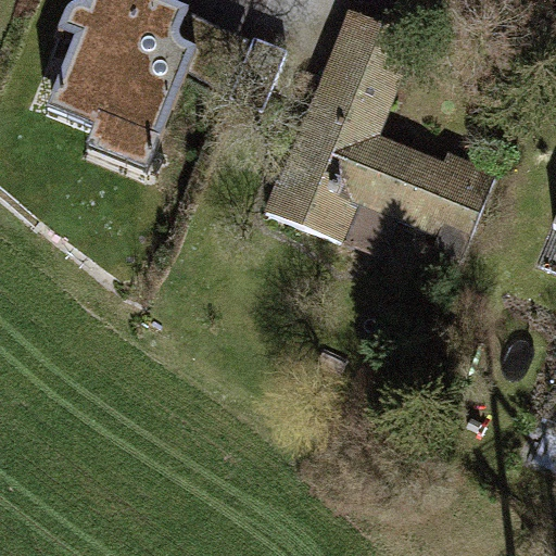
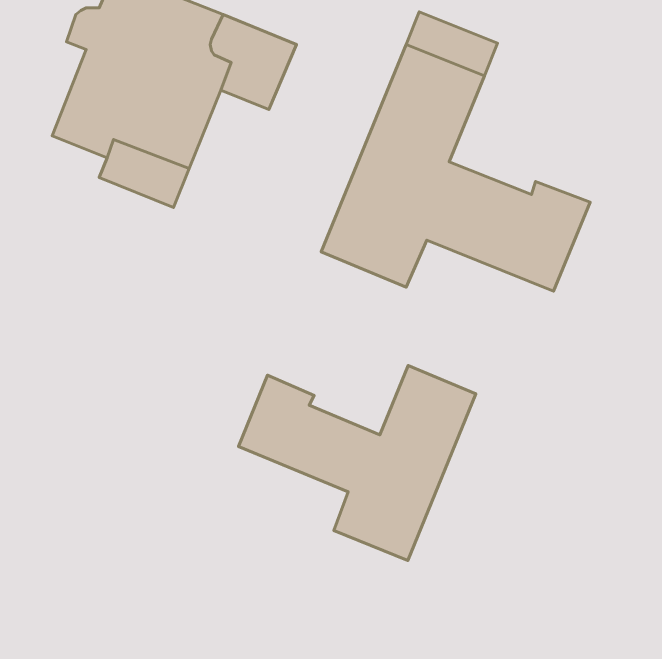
building: none -> [239,366,476,560]

